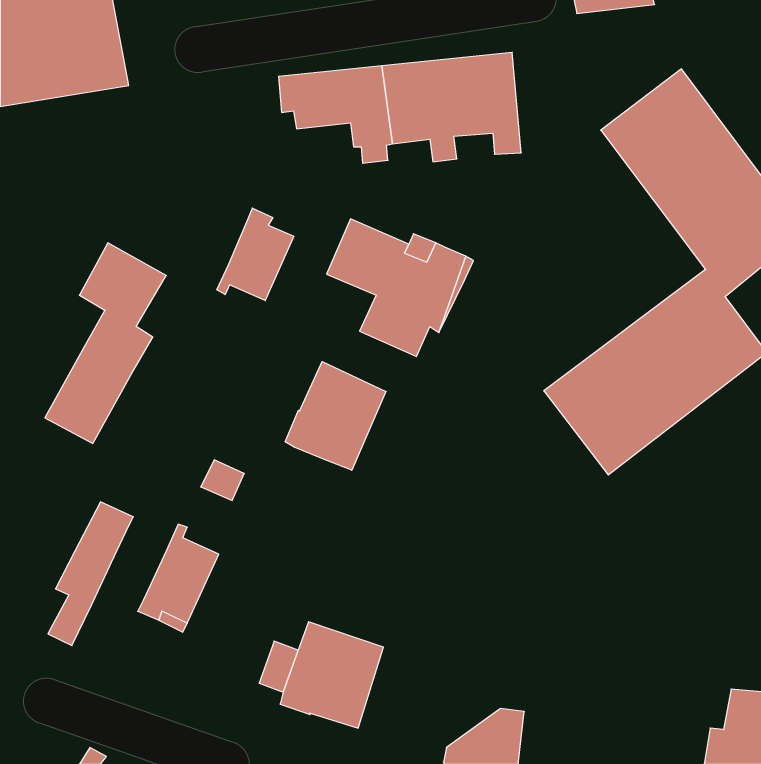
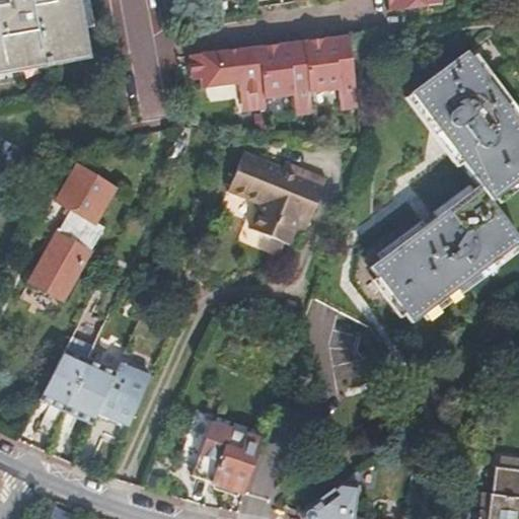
building: [217,208,294,301] -> none
building: [285,362,386,470] -> none
building: none -> [65,360,116,423]

